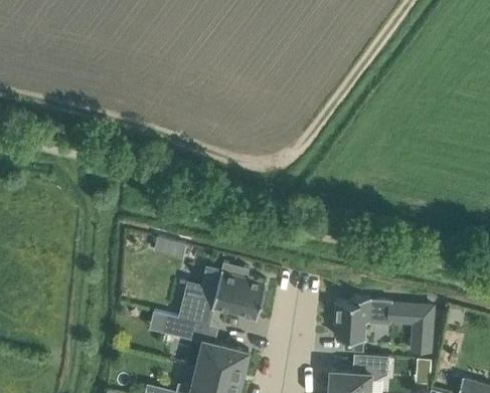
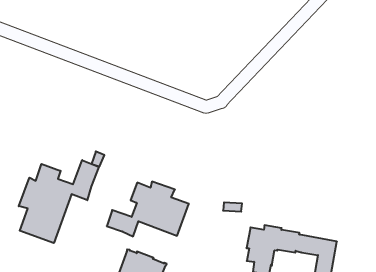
building: none -> [19,160,99,243]
building: [162,315,196,340] -> none

